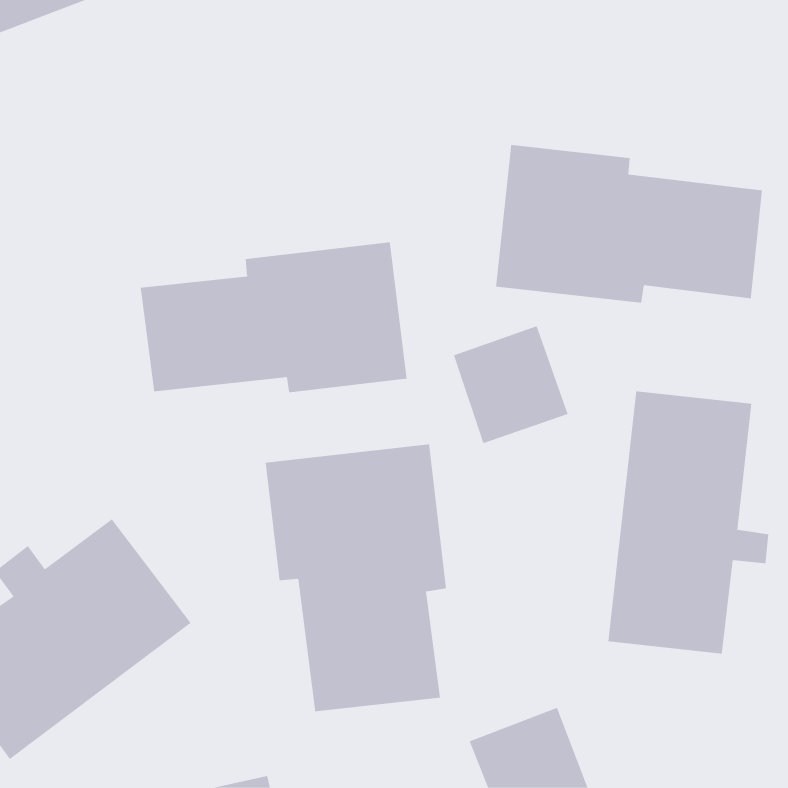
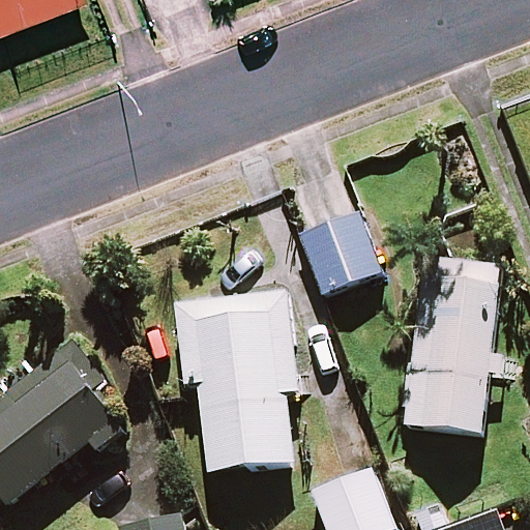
building: [496,144,762,303] -> none
building: [140,242,407,393] -> none

